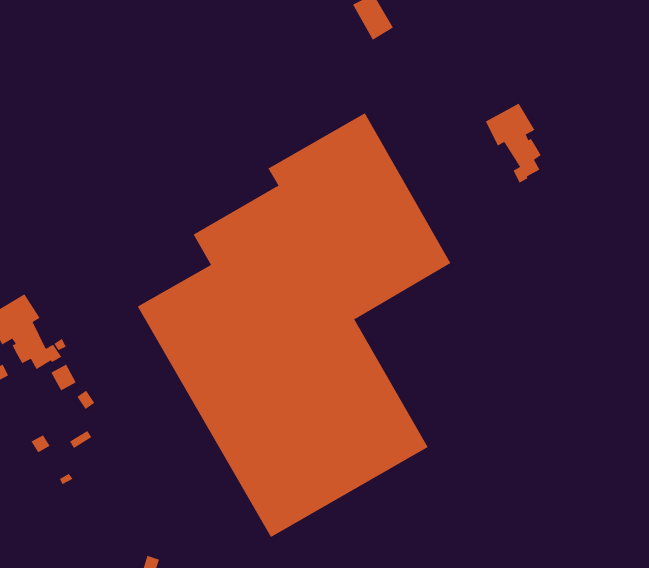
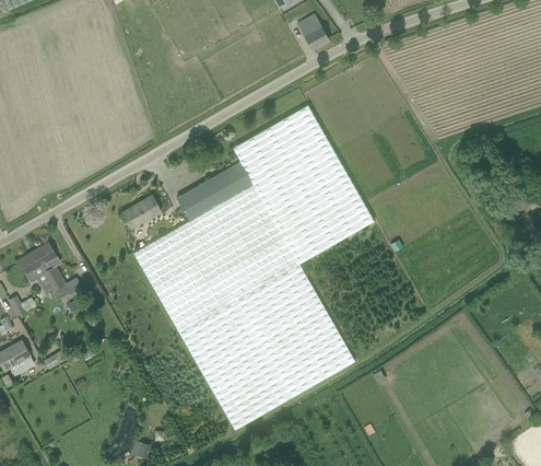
building: [485,103,542,184] -> none
building: none -> [121,195,161,229]

